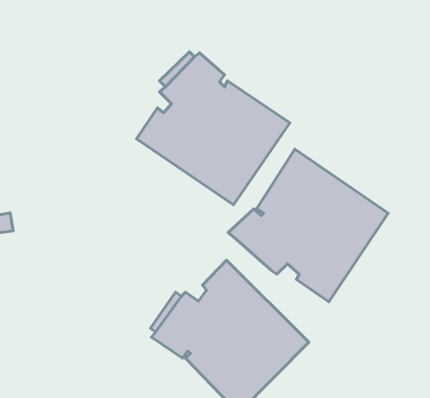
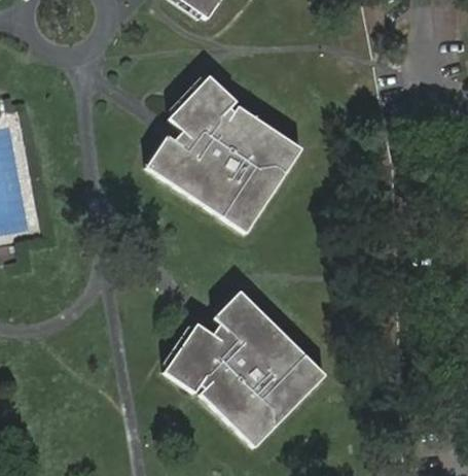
building: [228,149,388,302] -> none

